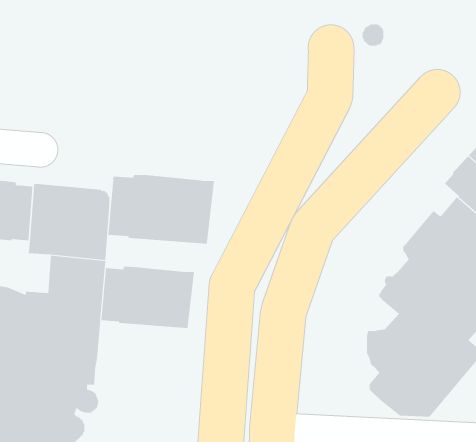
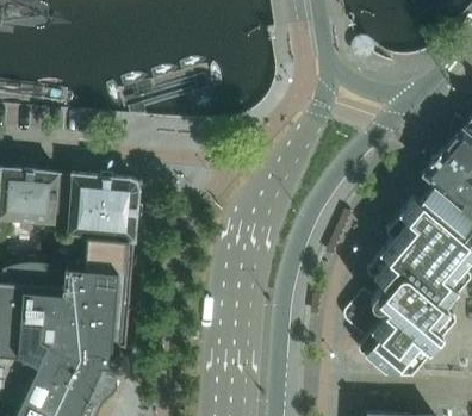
building: [108,172,215,245] -> none
building: [101,265,194,329] -> none

